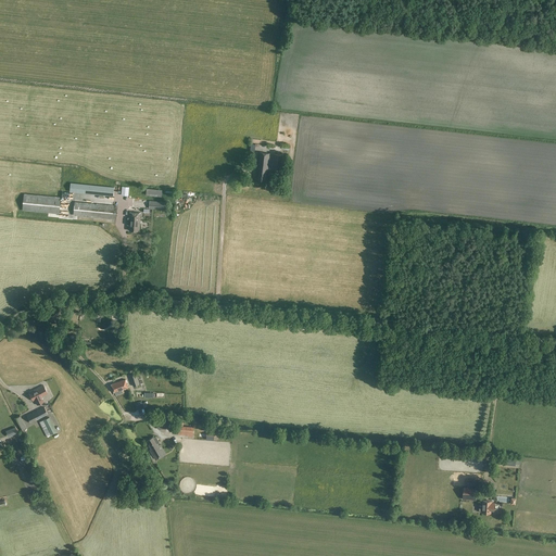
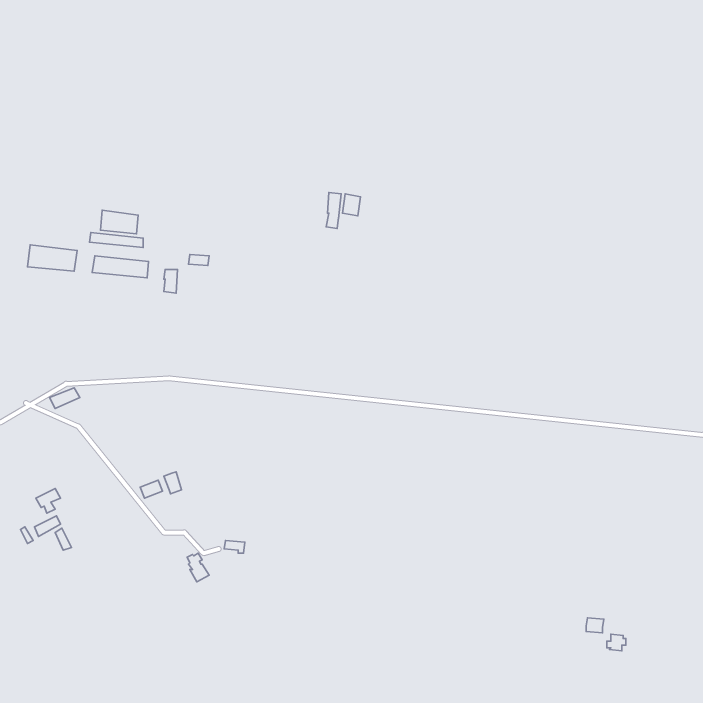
building: none -> [100,210,138,234]

